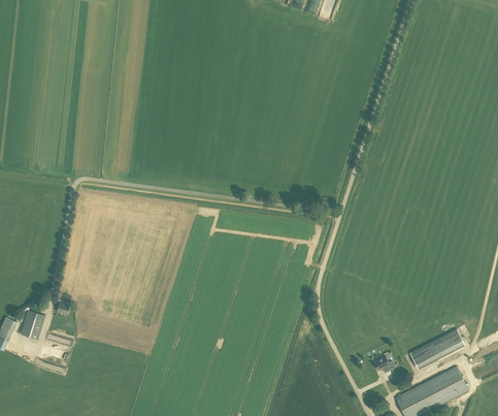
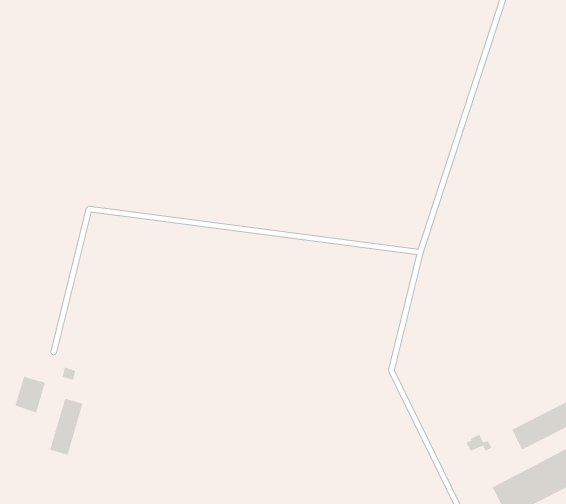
building: none -> [49,398,84,456]

